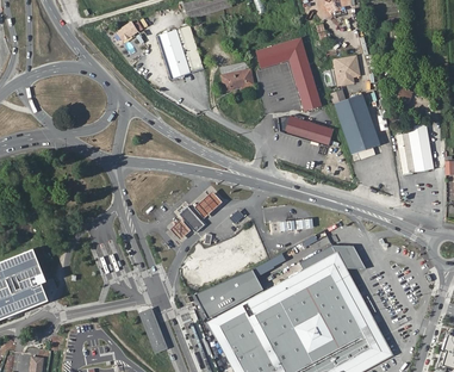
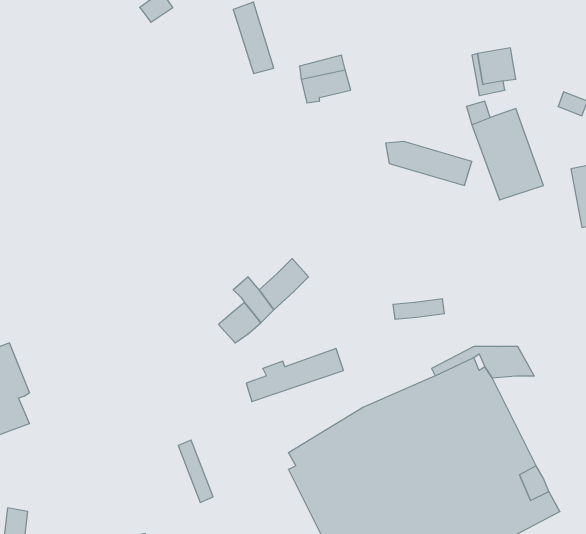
building: [158,30,192,78] -> none
building: [256,38,322,111] -> none
building: [197,268,263,321] -> none

